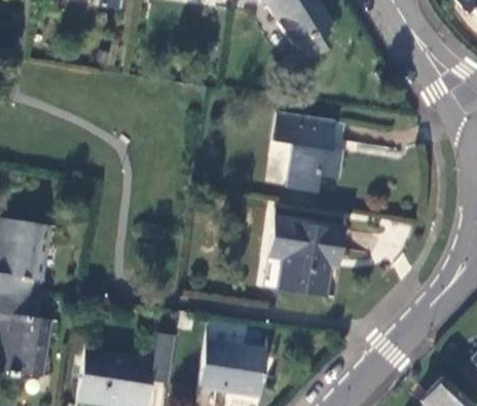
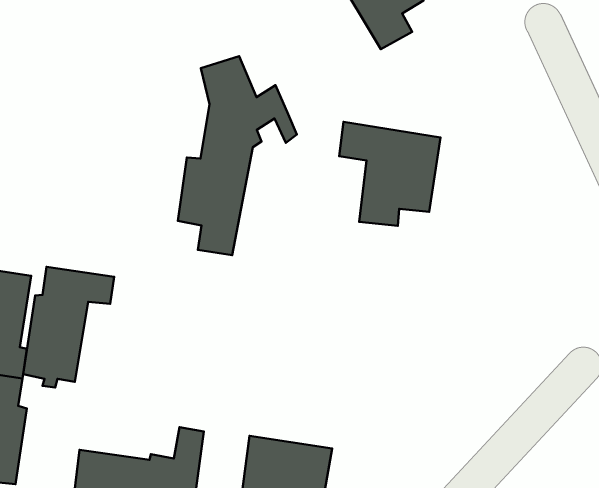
building: none -> [178,56,297,255]
building: [263,216,342,295] -> none
building: none -> [23,267,114,387]

